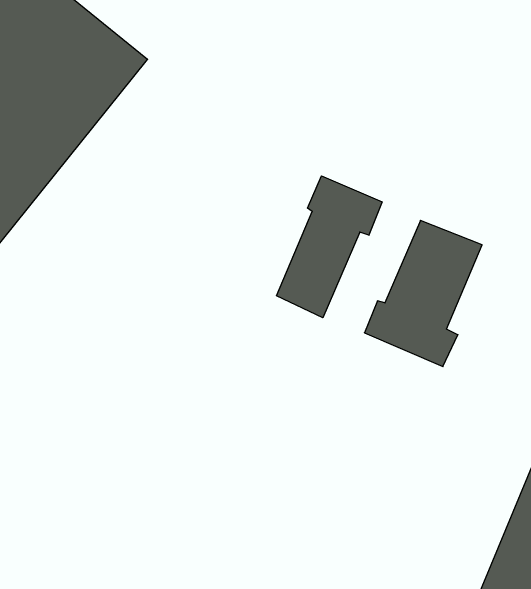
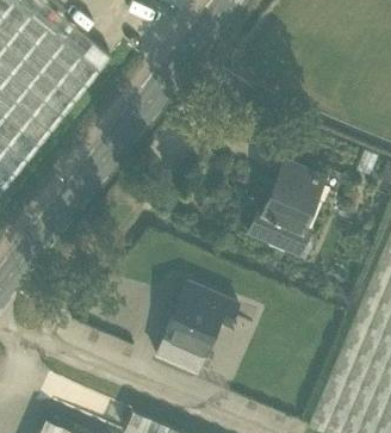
building: [277,176,382,318] -> none
building: none -> [156,280,228,367]

